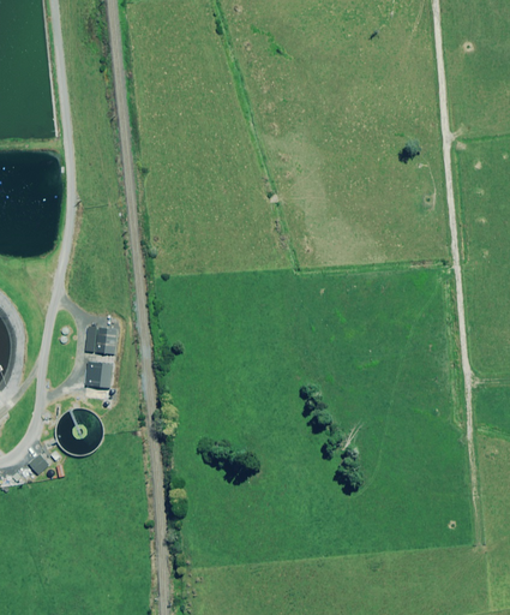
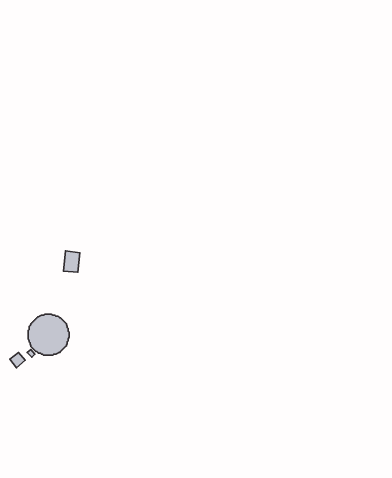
building: [84,362,110,387] -> none

